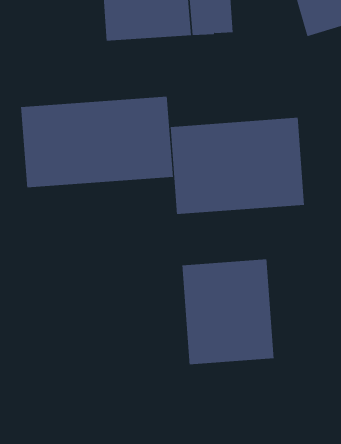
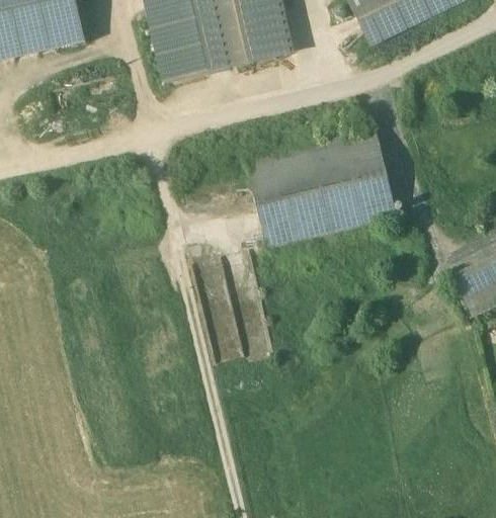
building: [21,96,173,188] -> none
building: [182,259,274,365] -> none

